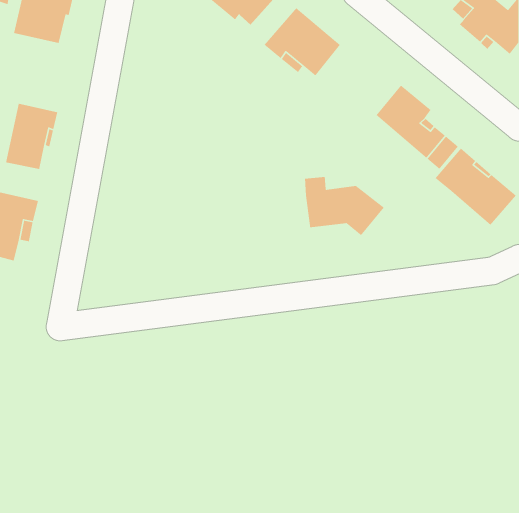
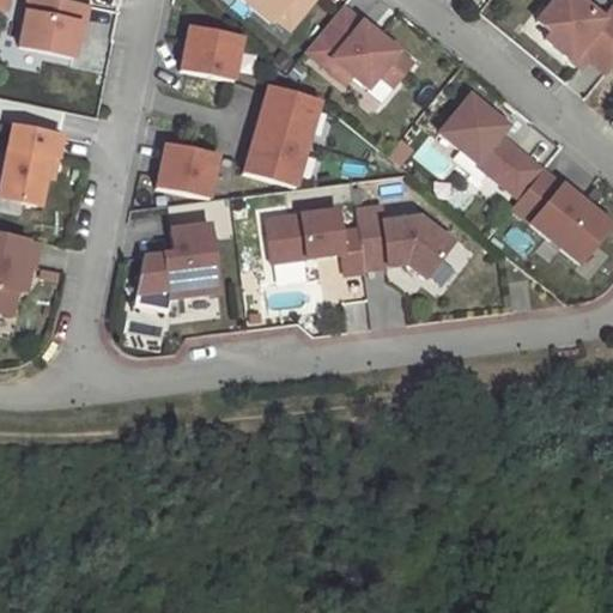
building: none -> [181,19,243,73]
building: none -> [241,77,318,178]
building: none -> [160,141,223,196]
building: none -> [269,211,364,273]
building: none -> [138,223,220,308]

